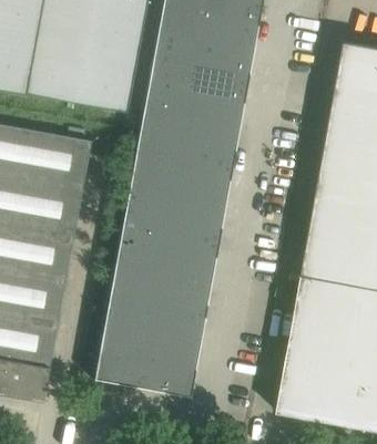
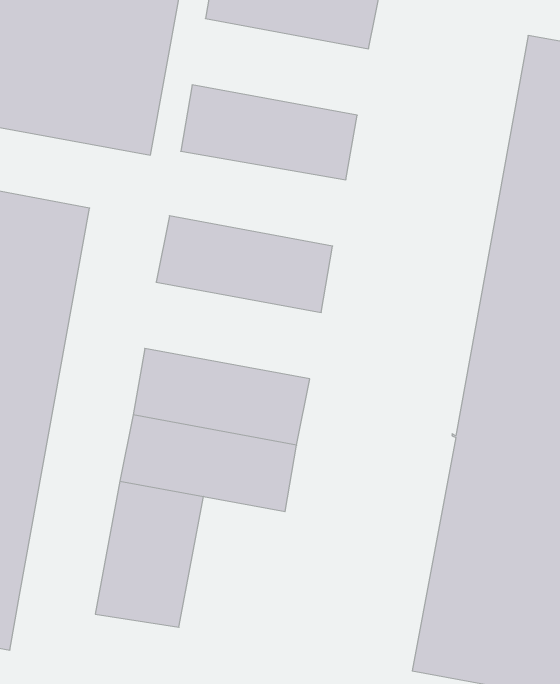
building: [149,32,252,89] -> none
building: [135,110,238,165] -> none
building: [121,186,224,242] -> none
building: [141,311,203,396] -> none

